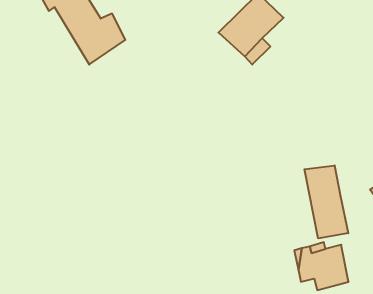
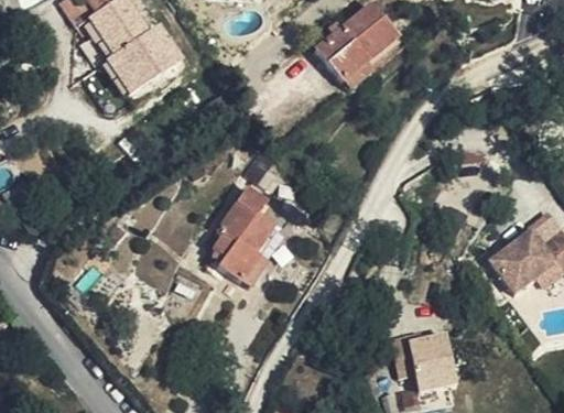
building: none -> [208,183,268,282]
building: [304,165,348,238] -> none

